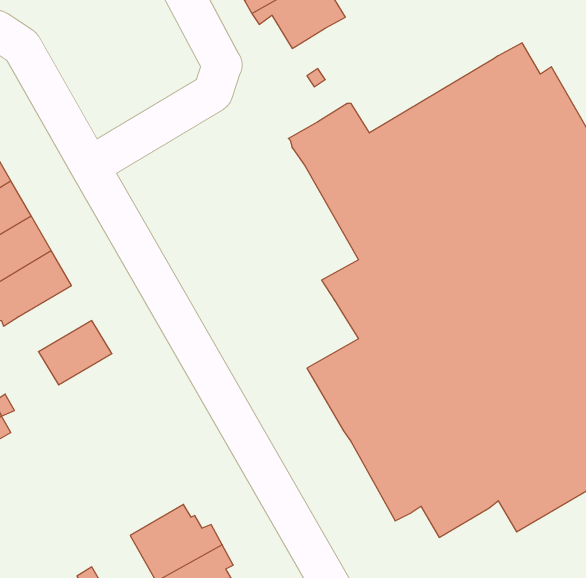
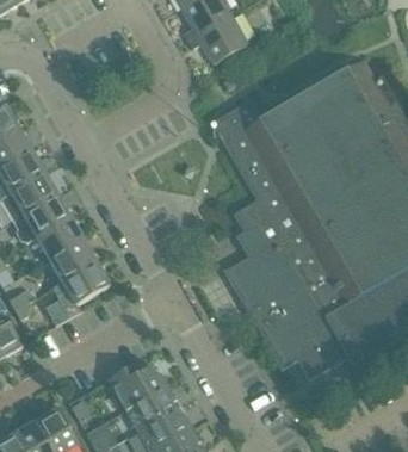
building: none -> [36,217,84,260]
building: none -> [45,261,110,324]

